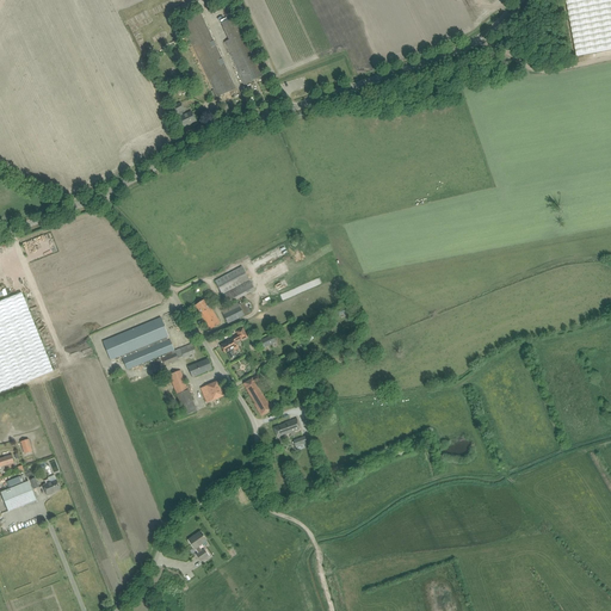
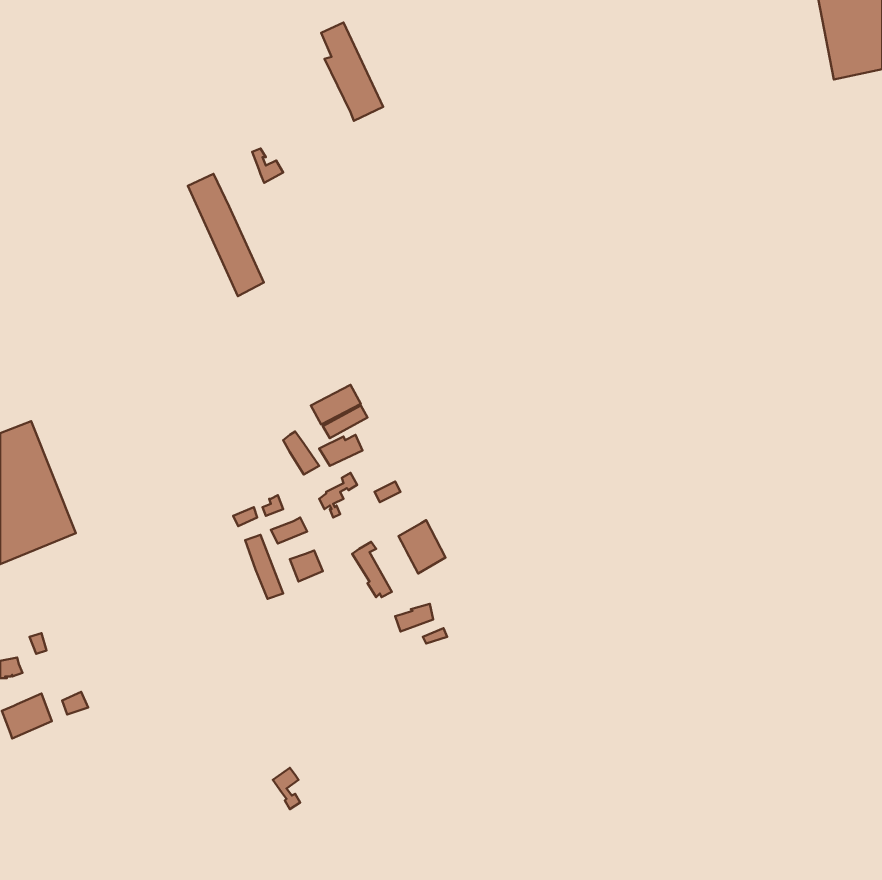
building: [183,12,235,97] -> [188,174,264,296]
building: [103,316,174,369] -> none
building: none -> [399,520,446,574]

